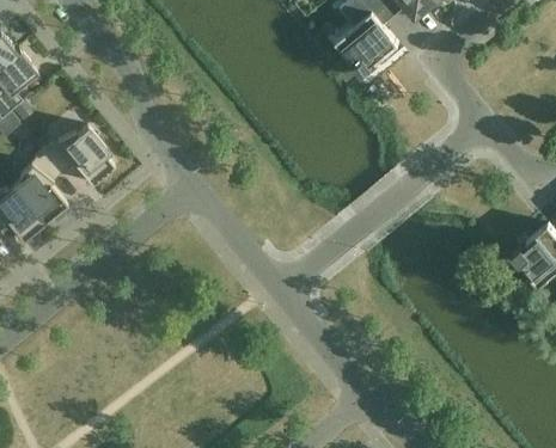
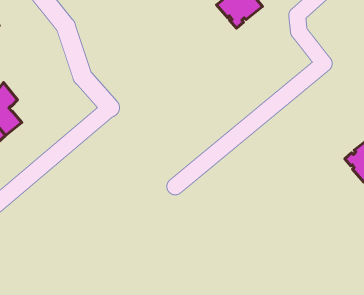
building: [39,125,111,183] -> none

